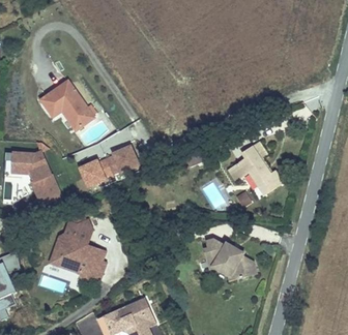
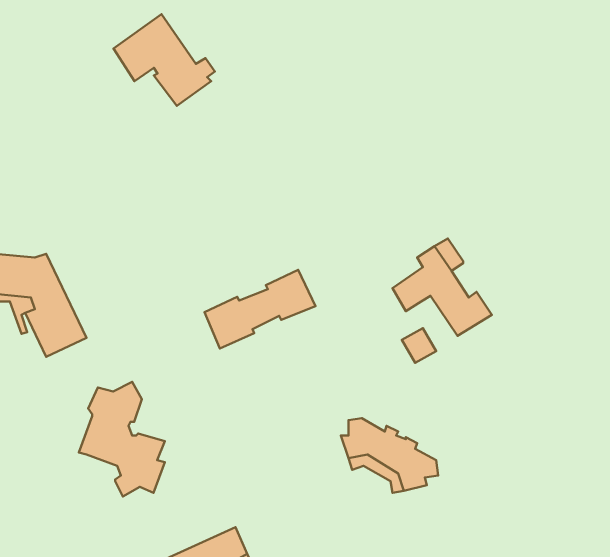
building: [41,80,96,129] -> [114,14,215,106]
building: [80,144,140,186] -> [205,270,316,348]
building: [50,233,82,272] -> none

